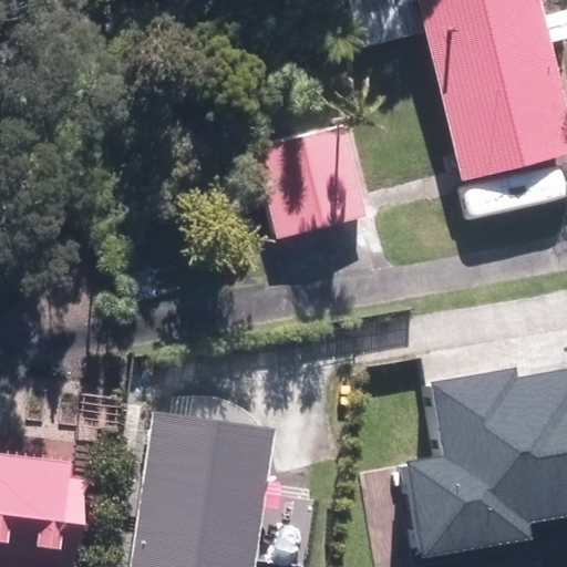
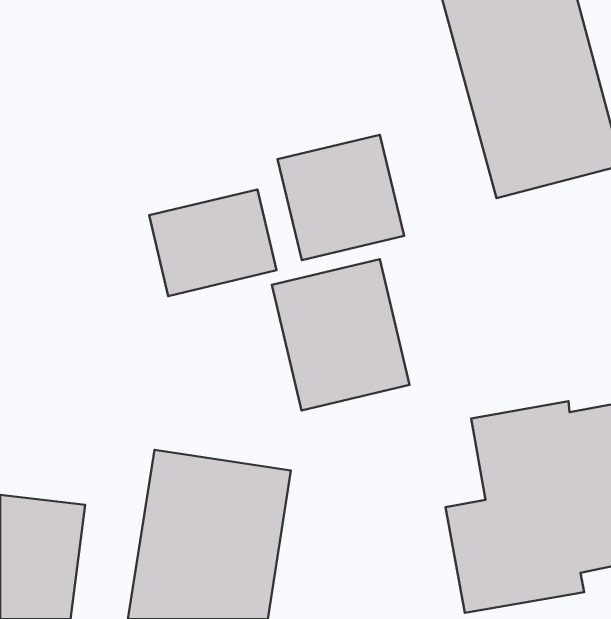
building: none -> [149,189,276,296]
building: none -> [272,259,409,410]

